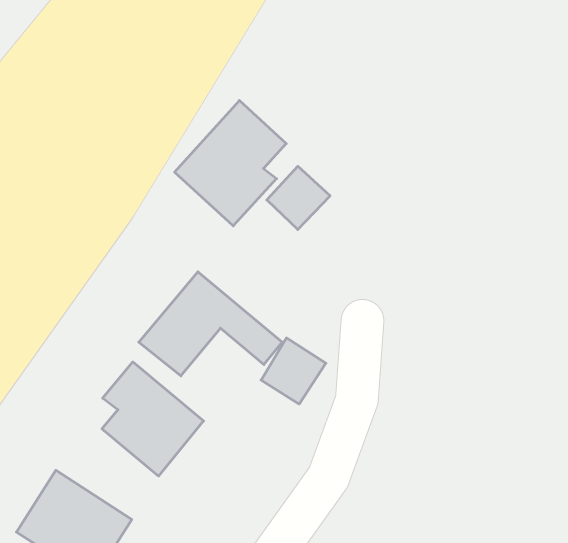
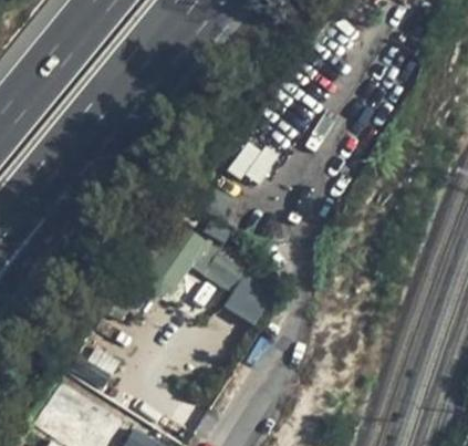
building: [175,100,286,226] -> none
building: [102,362,204,476] -> none

